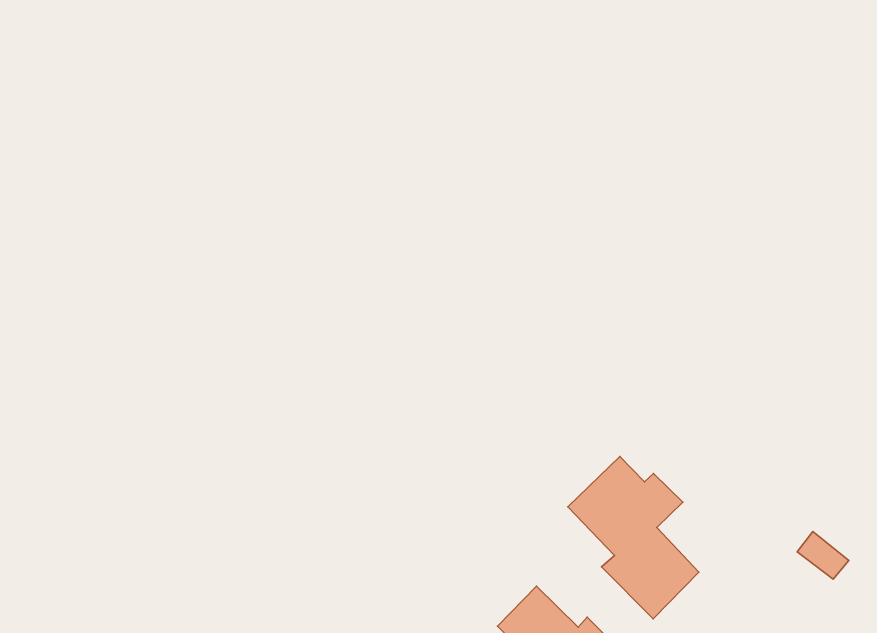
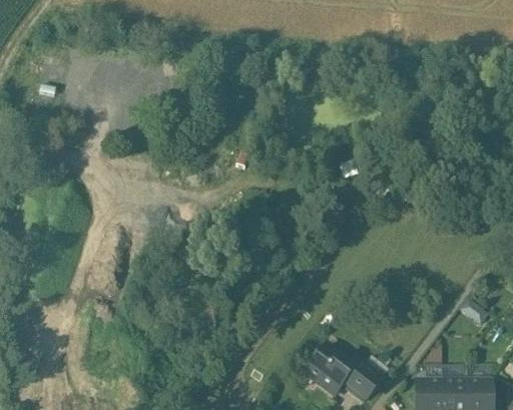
building: [568,457,699,619] -> none

